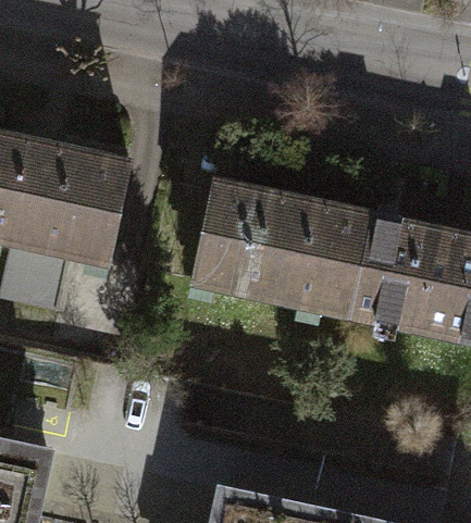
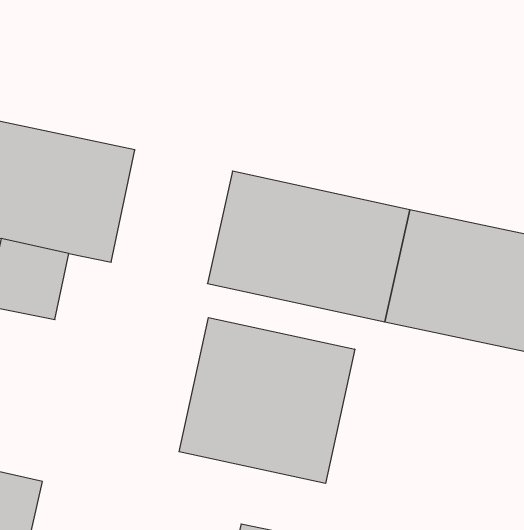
building: none -> [179,318,355,483]

